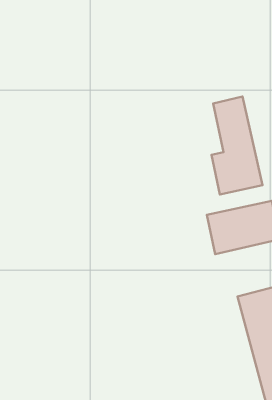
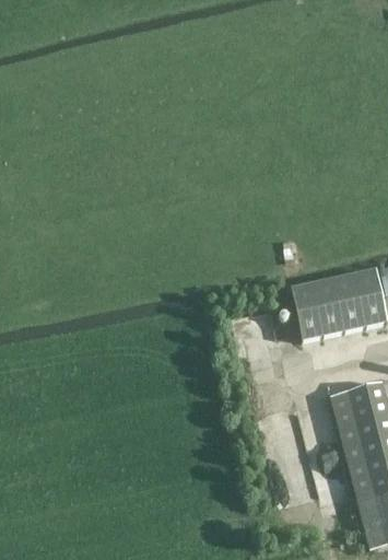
building: [211,97,262,194] -> none

